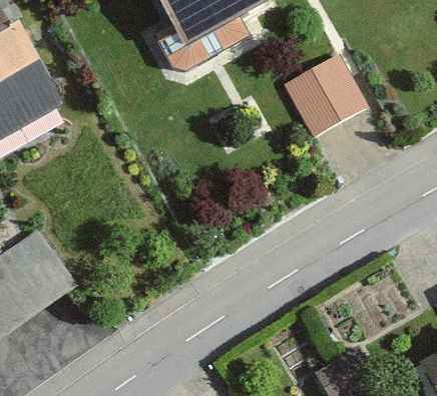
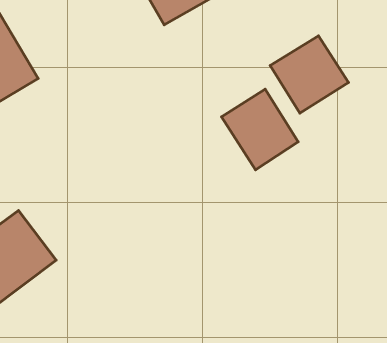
building: none -> [222,89,298,170]

